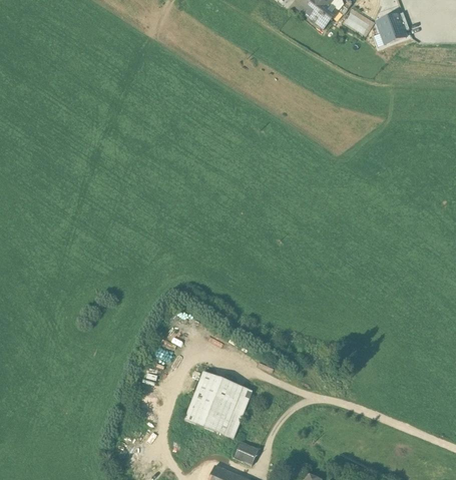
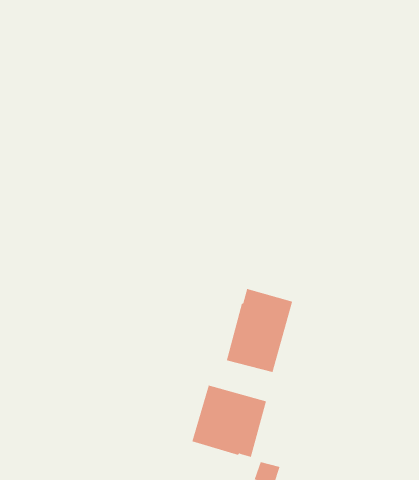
building: none -> [226,288,293,373]

